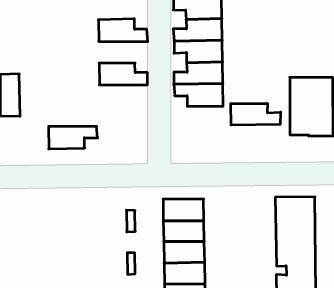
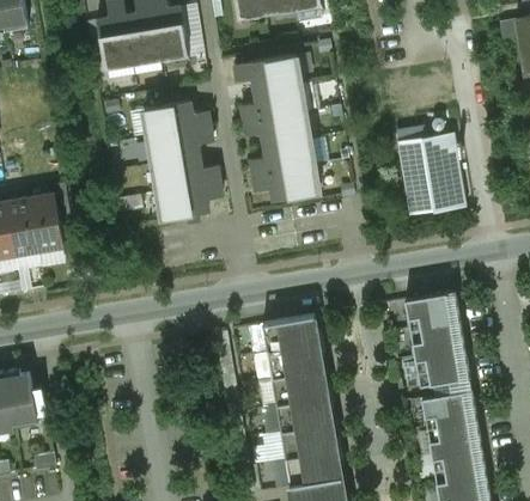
building: none -> [147,127,212,164]
building: [231,103,281,125] -> none
building: [49,126,98,149] -> [157,182,221,220]

